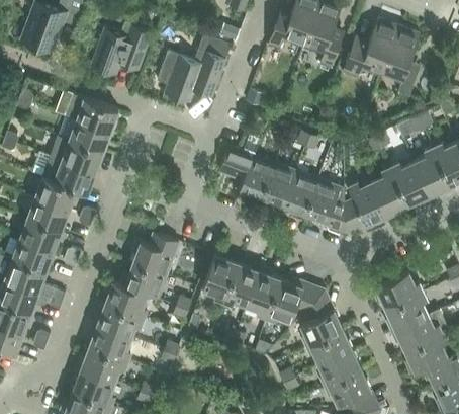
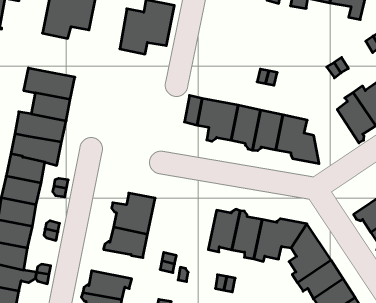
building: [345,182,388,233] -> none
building: [202,250,238,301] -> none
building: [105,279,147,318] -> none

